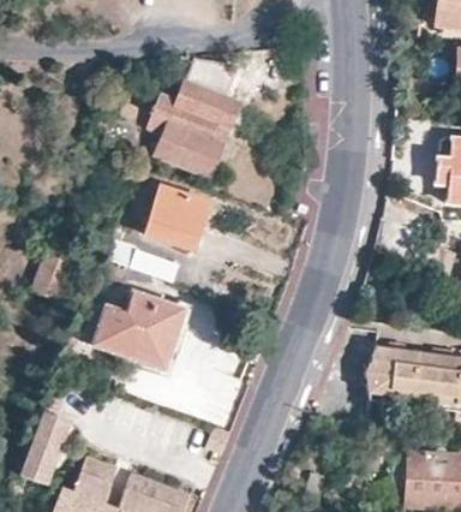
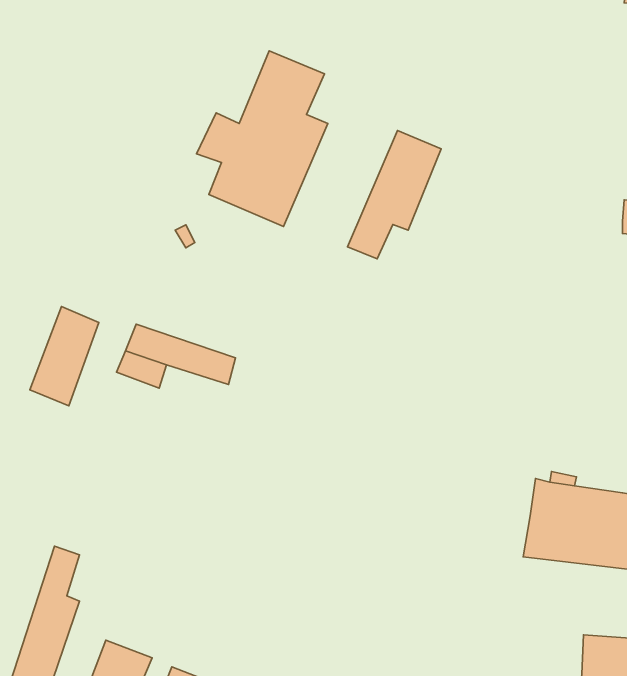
building: none -> [348,130,441,259]
building: [142,186,206,249] -> none
building: [79,293,180,368] -> none

